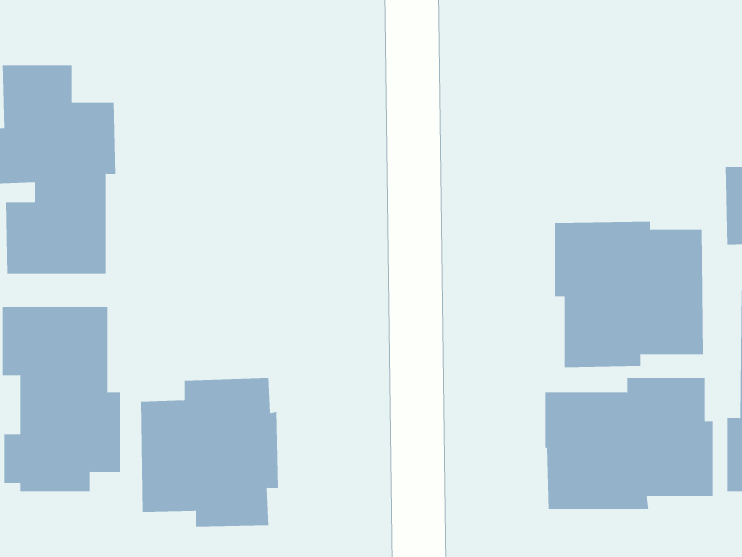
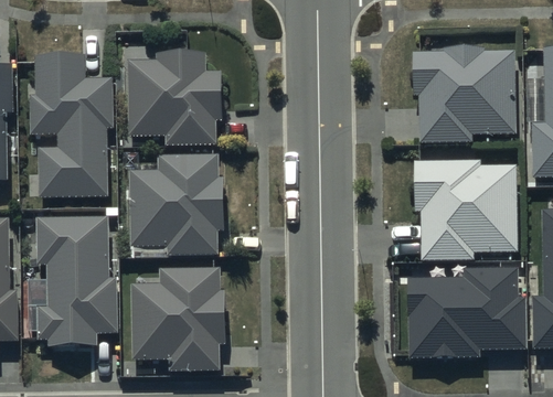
building: none -> [412,47,514,142]
building: none -> [127,51,222,144]
building: none -> [129,154,223,255]

